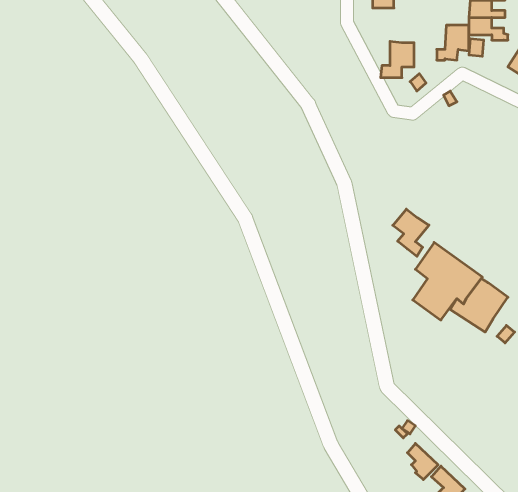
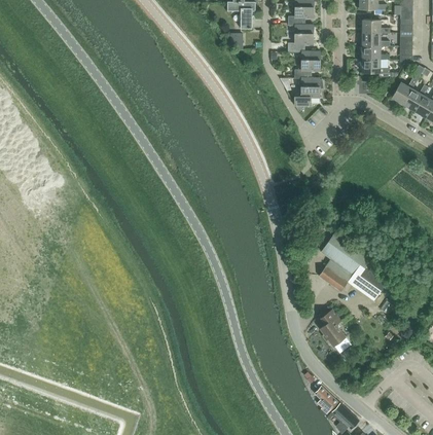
building: [437,25,469,60] -> [295,51,320,78]
building: [393,209,429,256] -> none
building: none -> [320,309,352,353]

